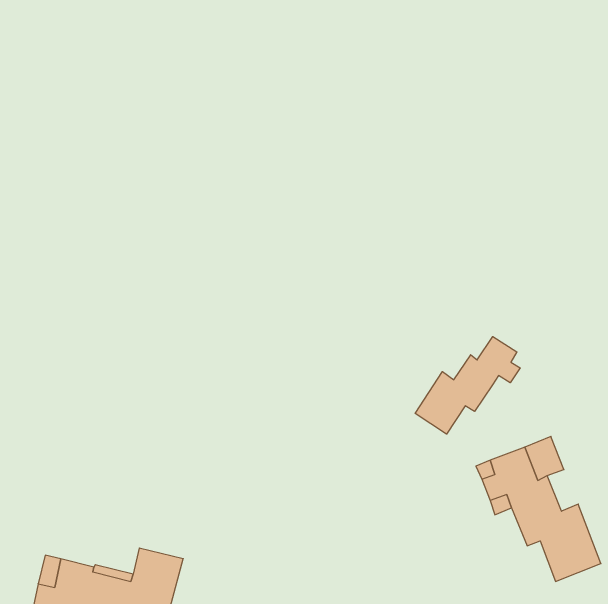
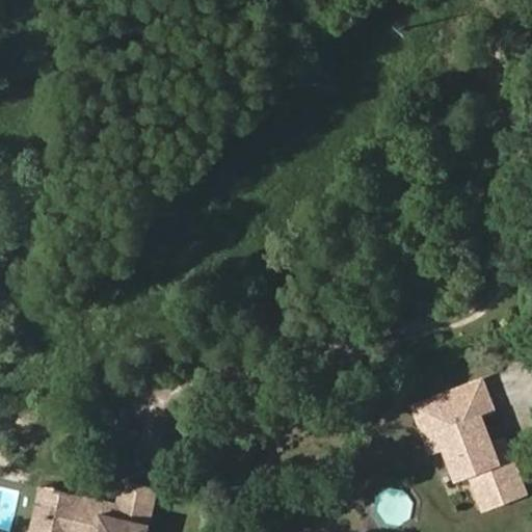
building: [415,337,520,434] -> none

